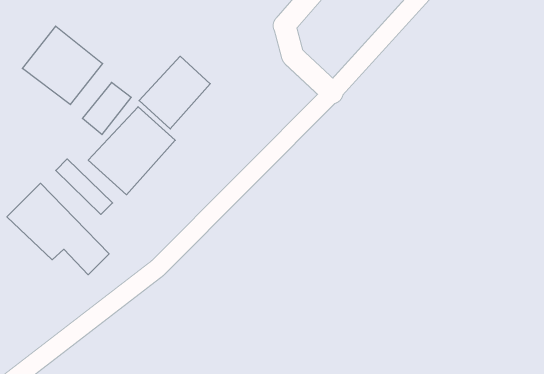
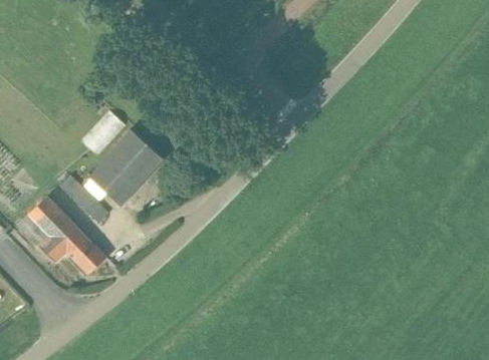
building: [22,26,103,105] -> none
building: [139,56,210,129] -> none

